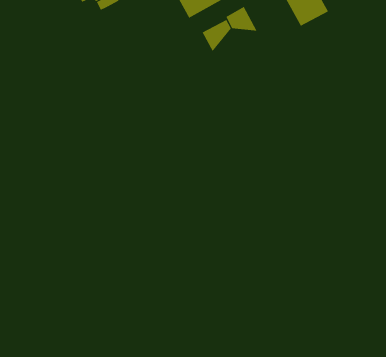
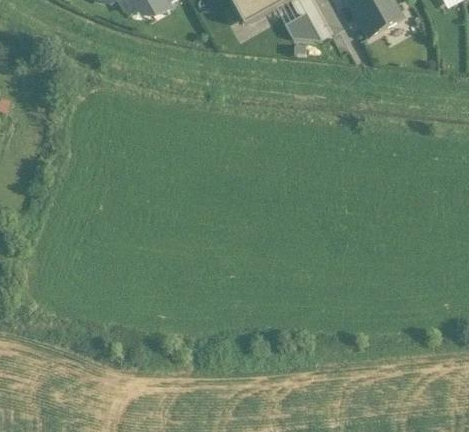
building: [202,19,232,52] -> none

